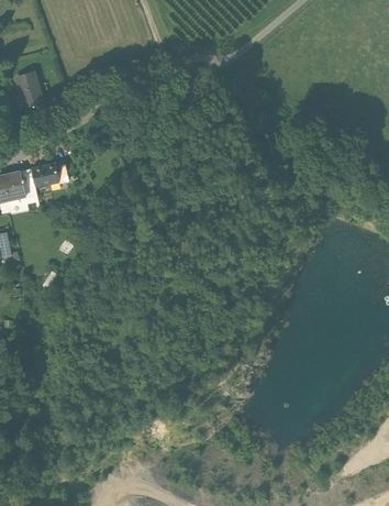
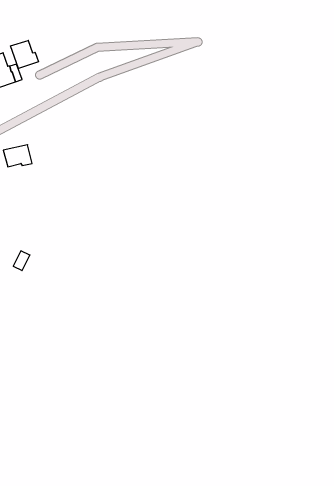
building: none -> [11,40,38,69]

